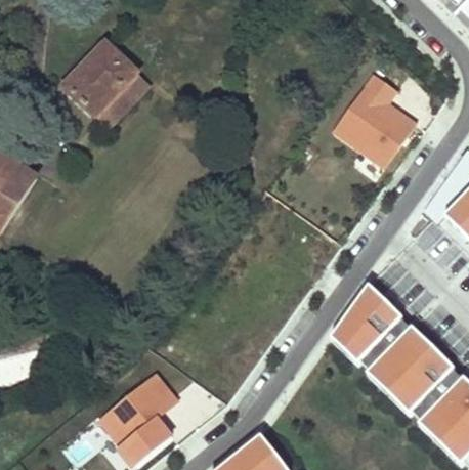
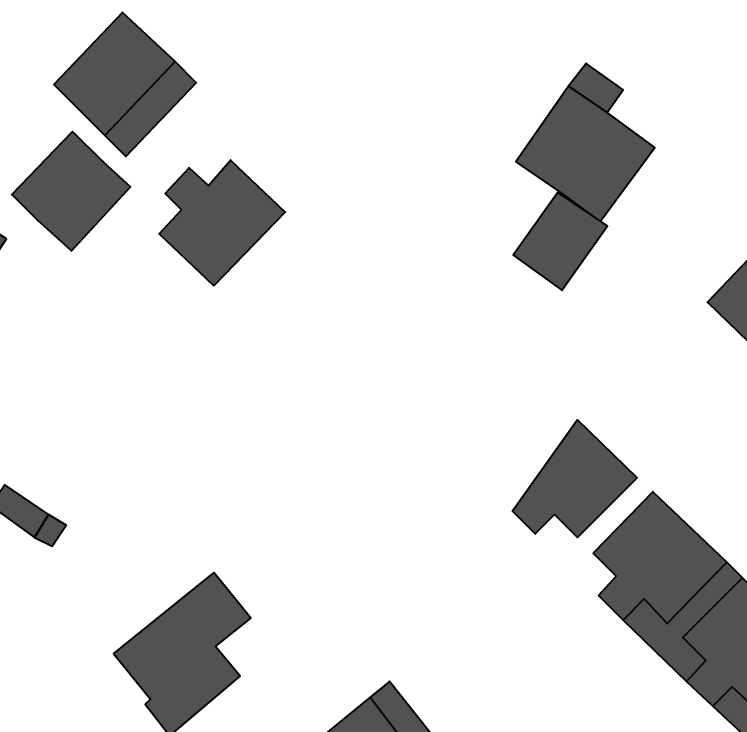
building: none -> [12,132,130,251]
building: none -> [159,160,285,286]
building: none -> [513,193,607,290]
building: [345,316,414,385] -> none

